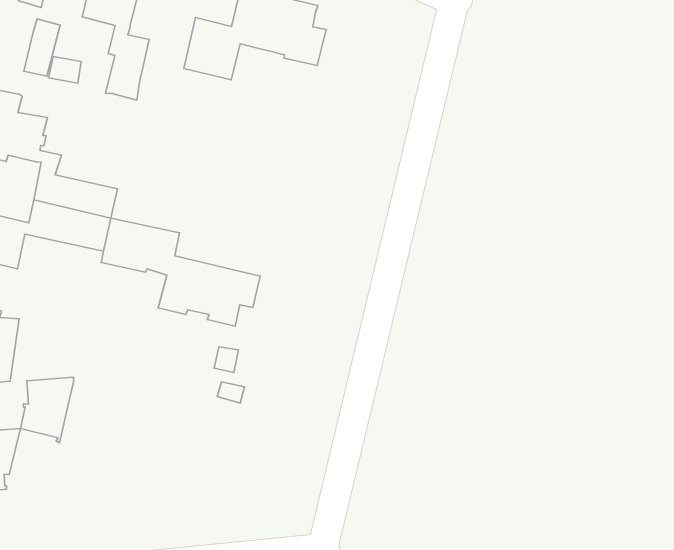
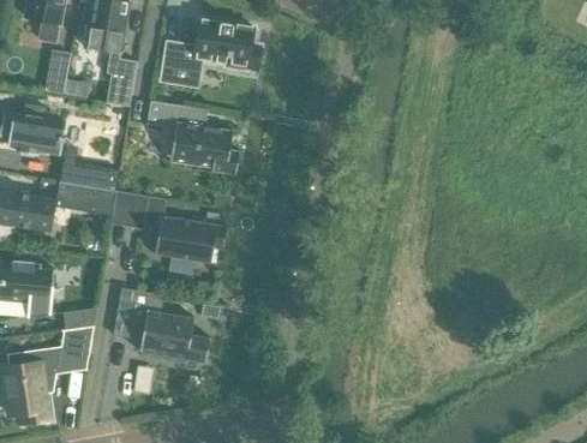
building: none -> [146,101,239,175]
building: none -> [113,288,210,364]

